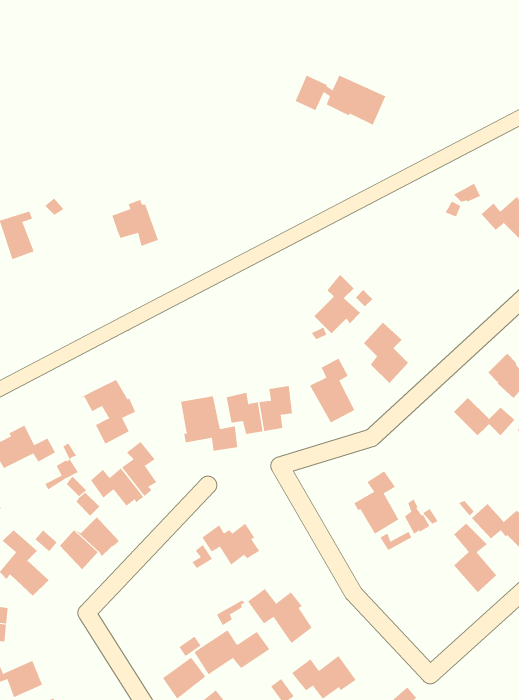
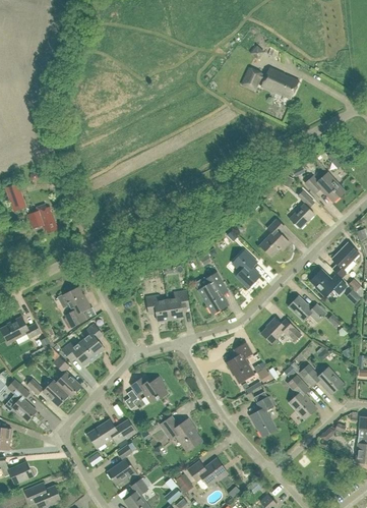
building: [295,75,386,126] -> [242,67,299,99]
building: [112,199,159,247] -> [28,204,58,233]
building: none -> [290,191,314,229]
building: [314,274,361,334] -> [259,219,289,257]
building: [181,395,238,451] -> none
building: none -> [260,318,302,344]
building: none -> [249,395,276,436]
building: [193,629,270,675] -> [87,418,135,447]

